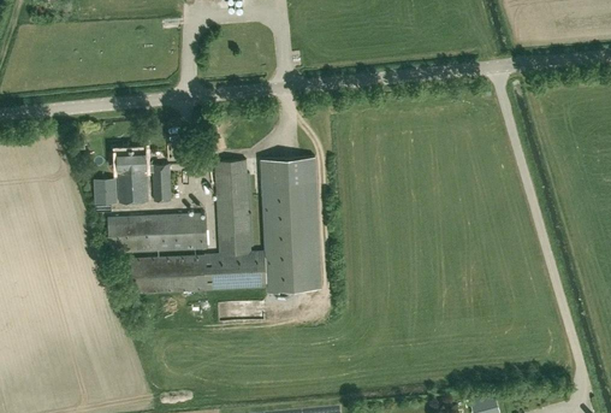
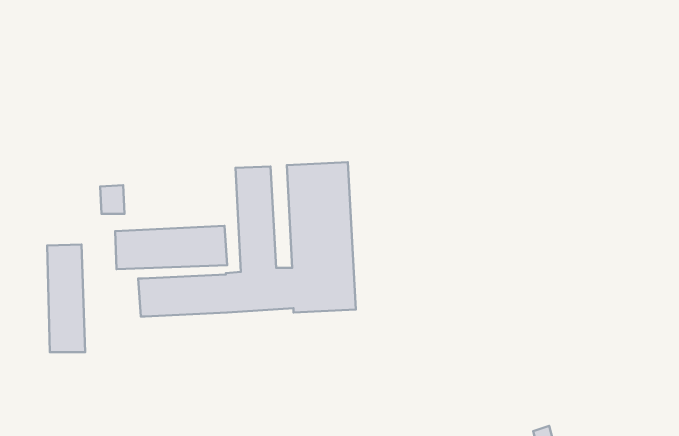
building: [118,148,172,202] -> none
building: none -> [47,244,85,352]

